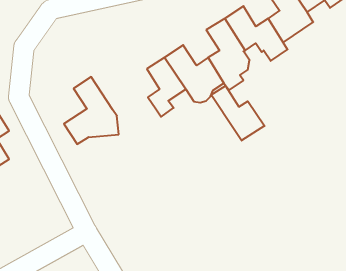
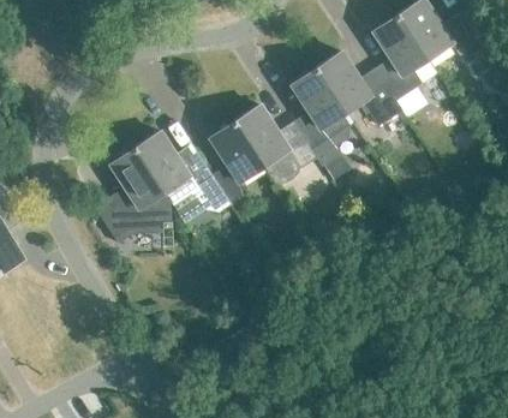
building: none -> [135,131,222,202]
building: [211,86,265,141] -> none

